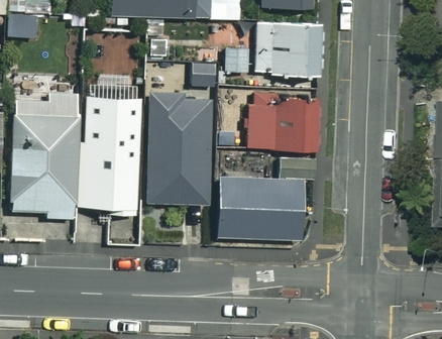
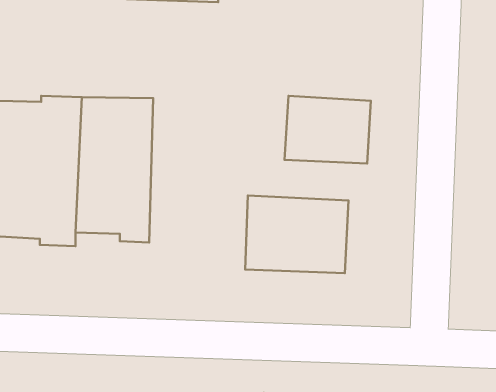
building: [256,22,318,76] -> none
building: [148,93,211,204] -> none

